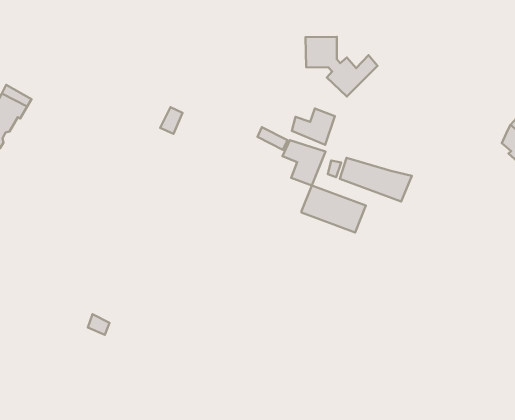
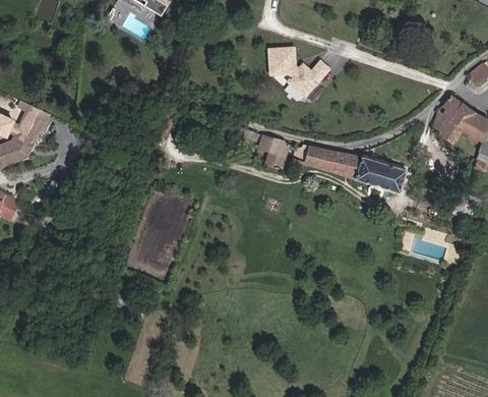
building: [292,109,335,145] -> none
building: [301,186,366,232] -> [355,157,407,192]

